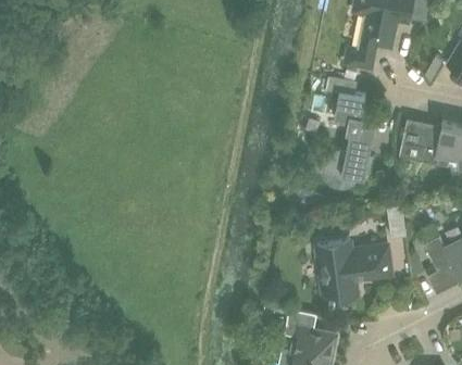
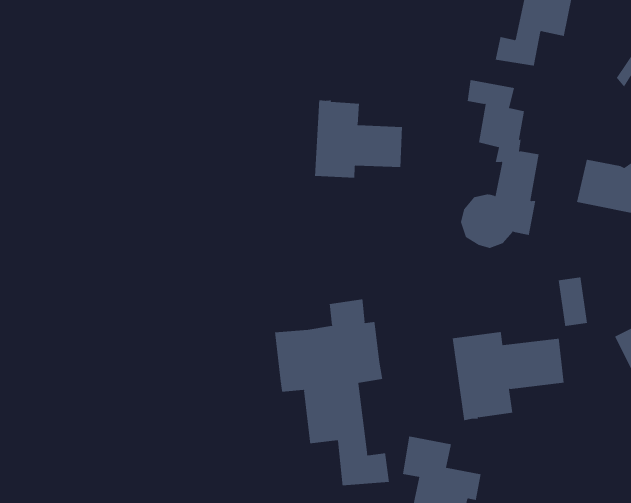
building: none -> [314,99,402,179]
building: none -> [274,299,389,486]

